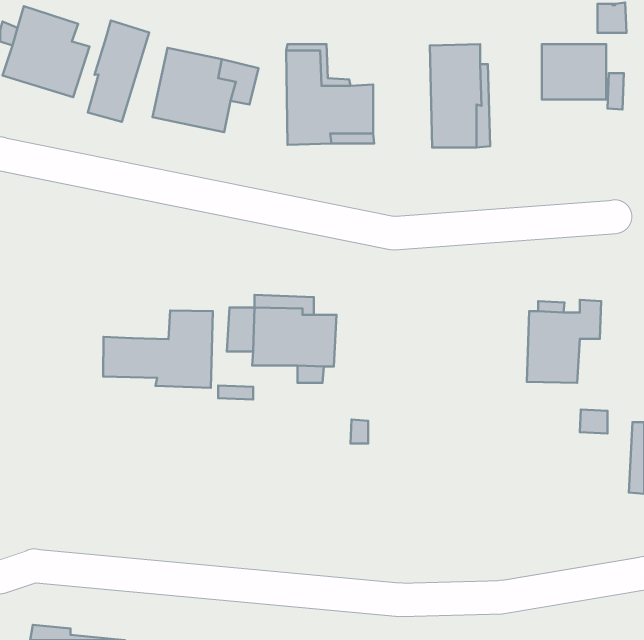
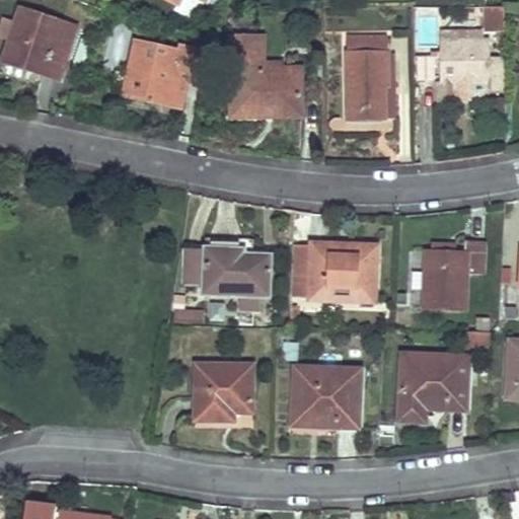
building: [88,21,149,122] -> none
building: none -> [290,242,376,301]
building: [103,310,213,388] -> none
building: none -> [398,353,467,421]
building: none -> [195,364,251,419]
building: none -> [292,366,360,426]

